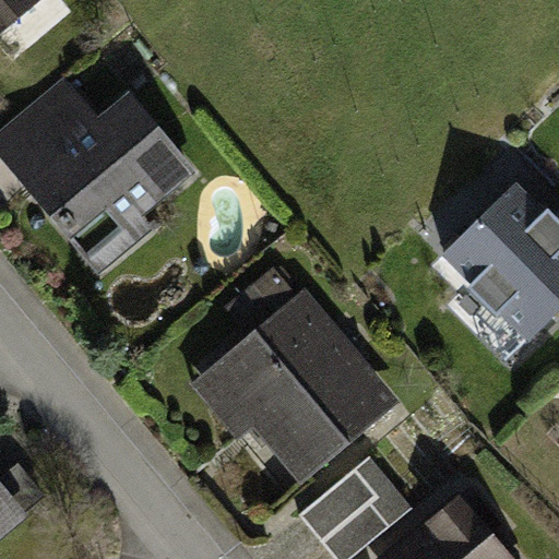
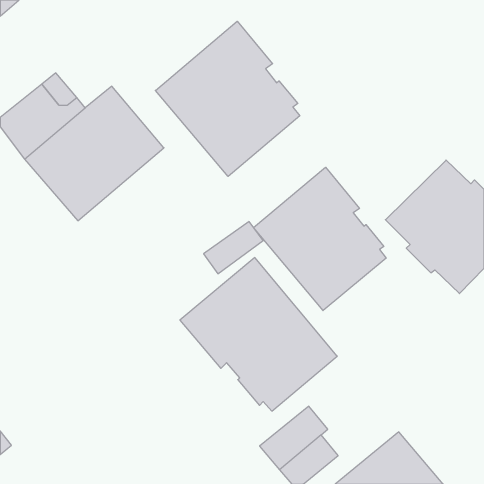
building: none -> [155,21,300,176]
building: none -> [254,167,386,311]

